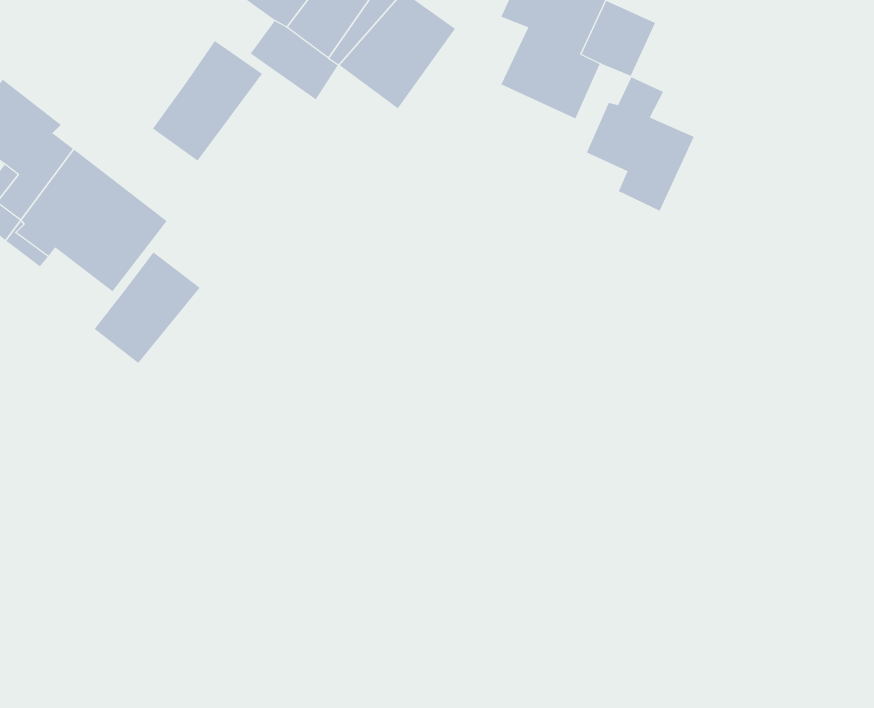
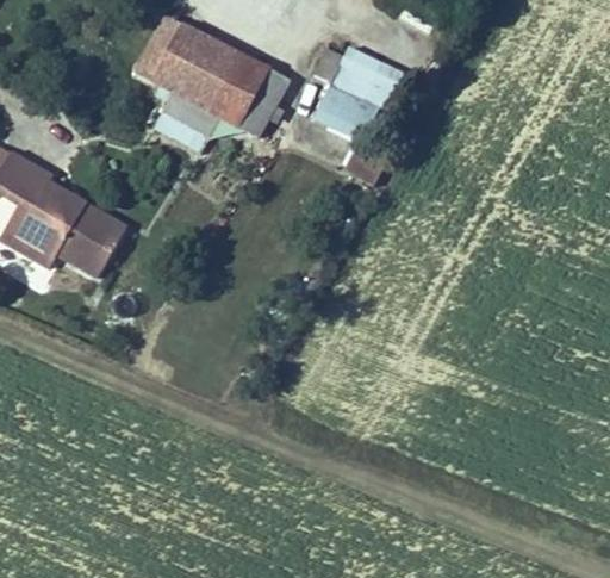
building: [152,40,263,161] -> none
building: [586,76,694,211] -> none
building: [94,252,201,364] -> none

